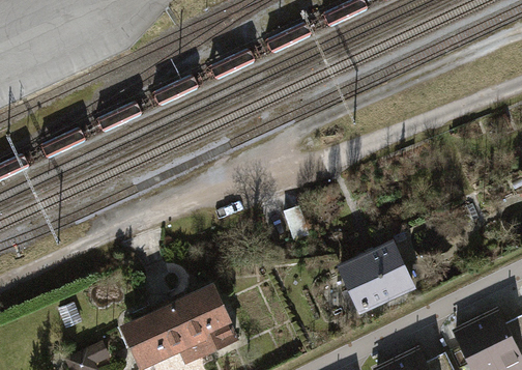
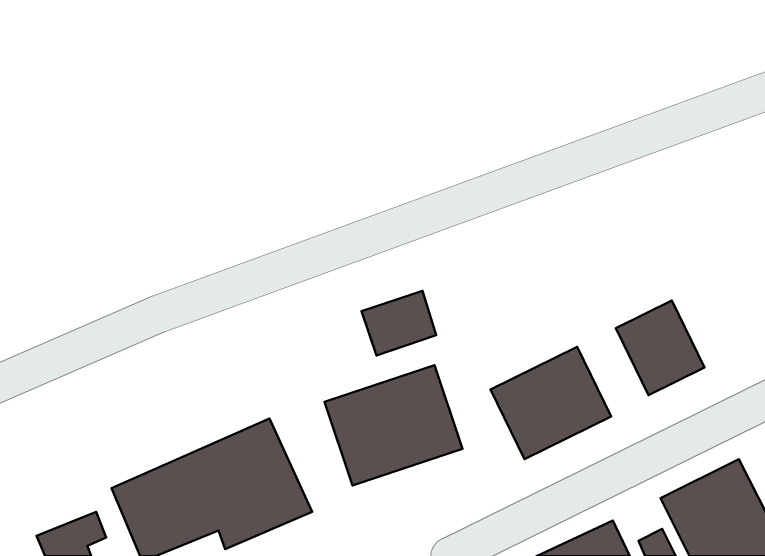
building: none -> [616,301,704,395]
building: none -> [324,365,462,485]

